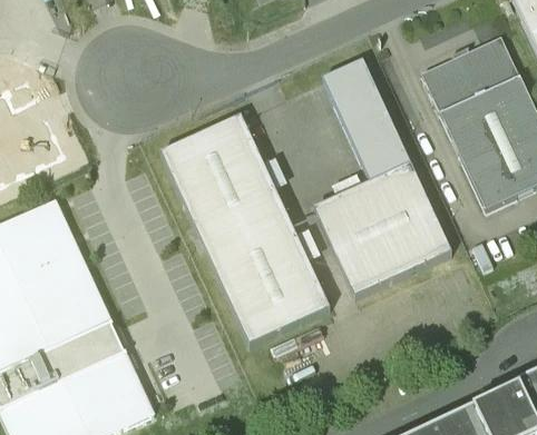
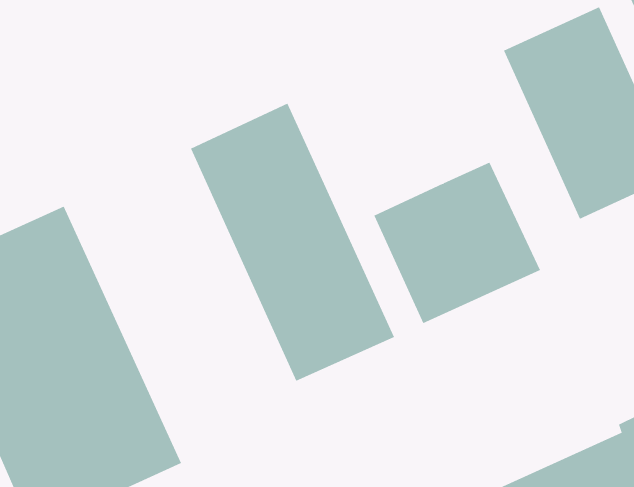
building: [323,58,409,179] -> none

